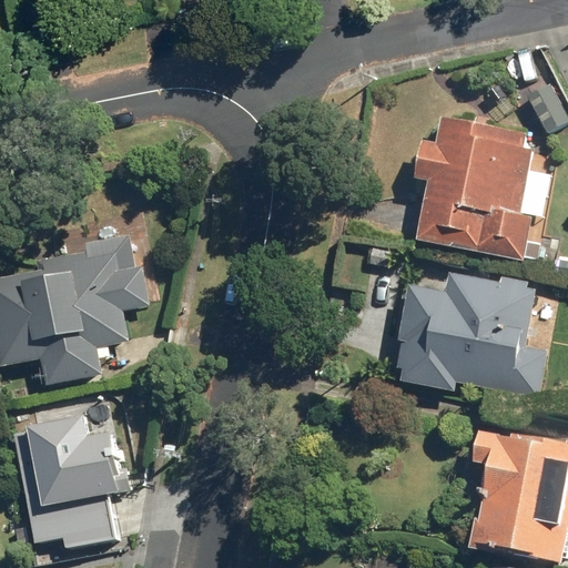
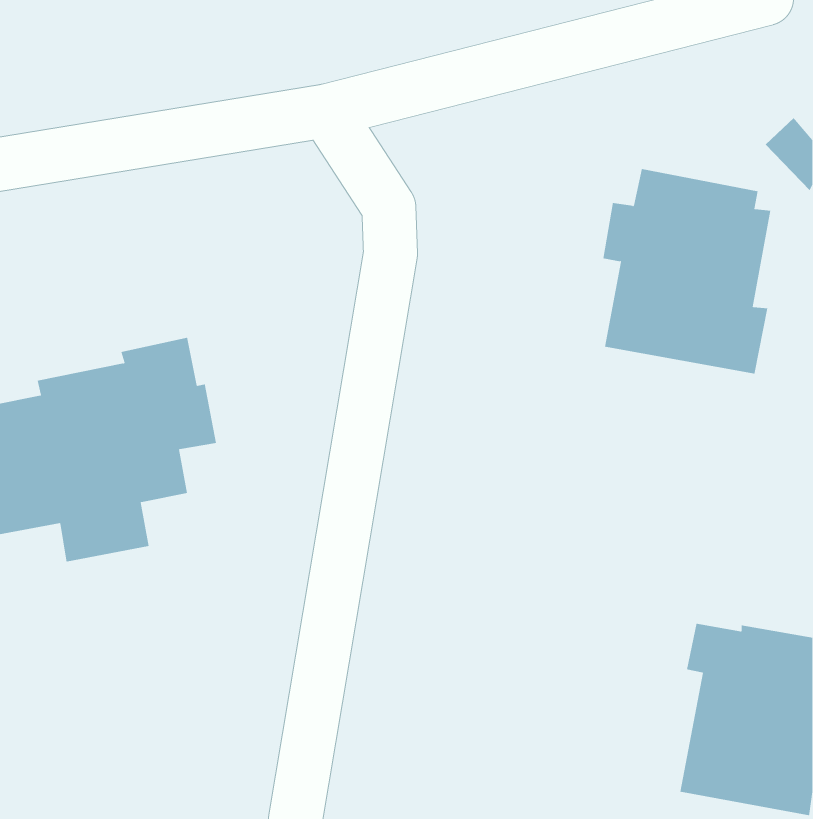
building: [393,273,545,395] -> none
building: [11,417,129,549] -> none

